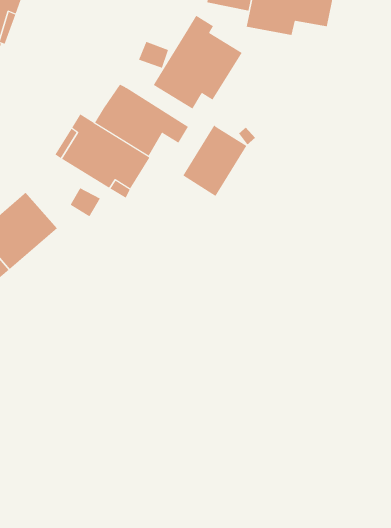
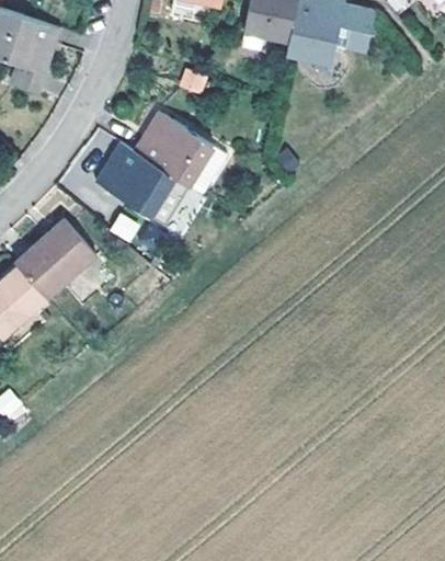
building: [153,15,243,110] -> none
building: [182,125,247,197] -> none

